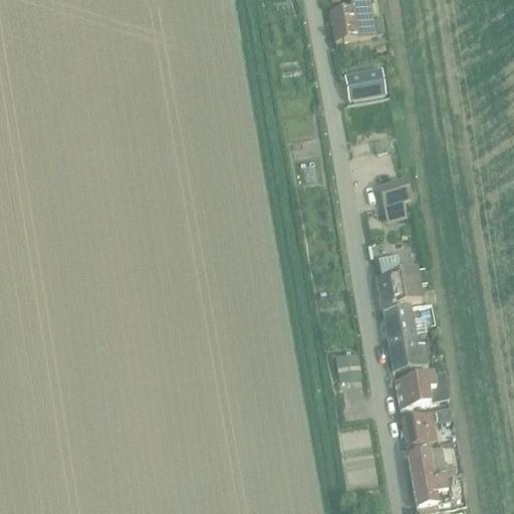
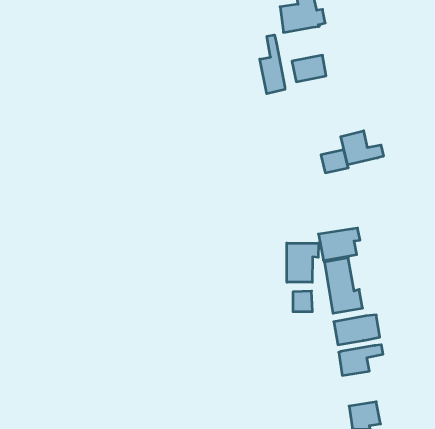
building: none -> [260,35,285,94]
building: none -> [341,131,383,164]
building: none -> [287,243,318,282]
building: [407,446,454,479] -> none

